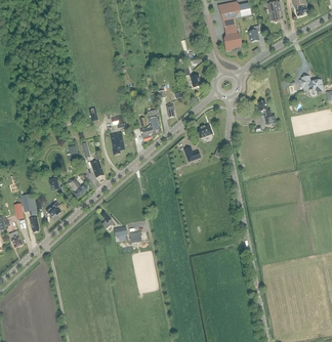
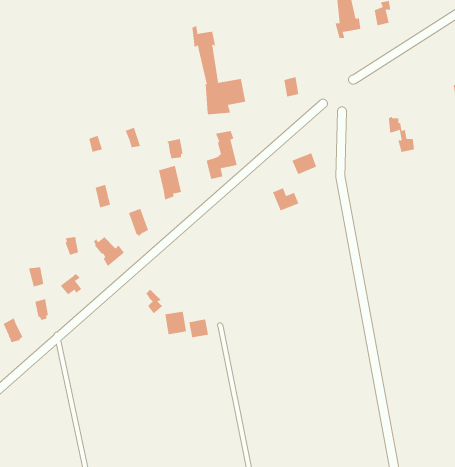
building: none -> [192,25,246,115]

